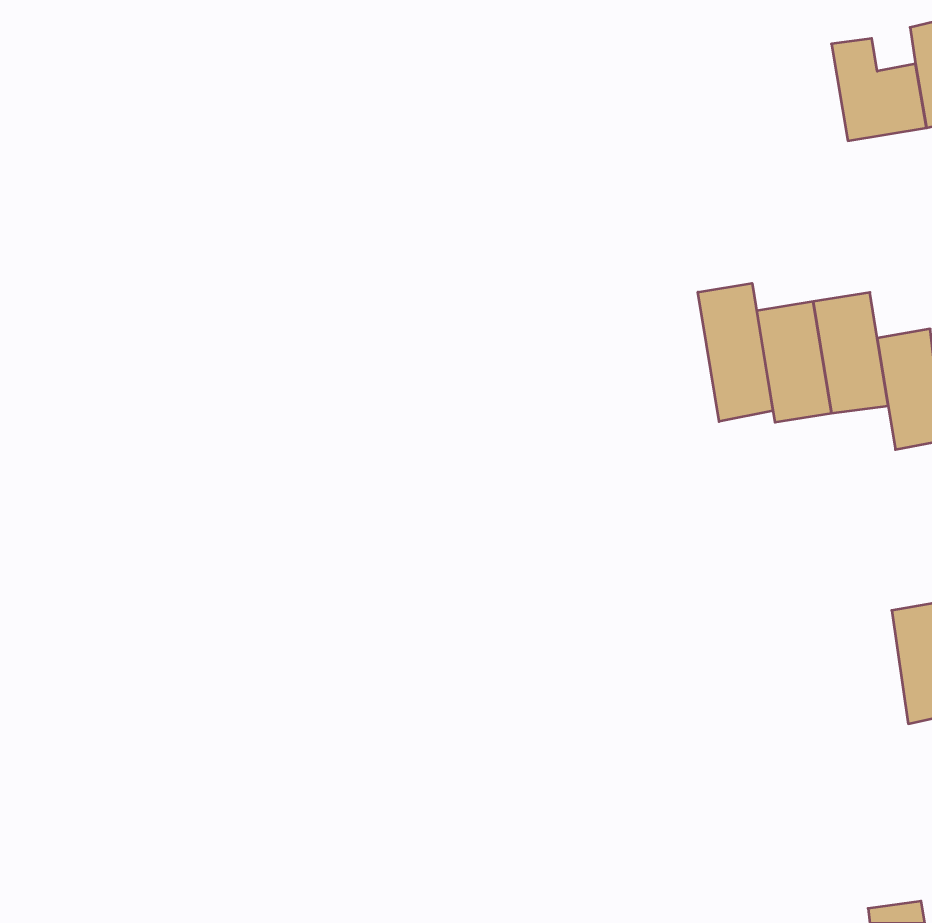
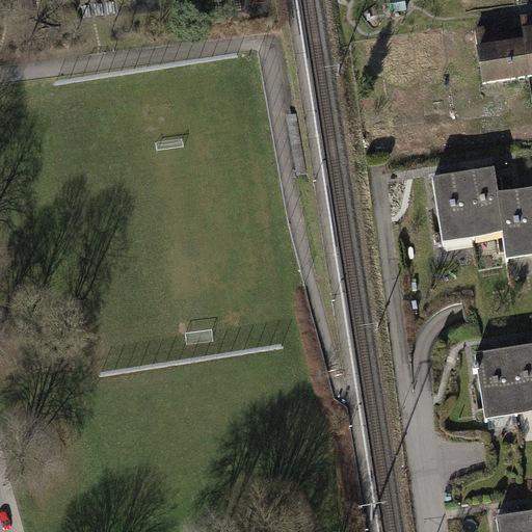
building: [698,283,773,422] -> none
building: none -> [478,347,517,416]

